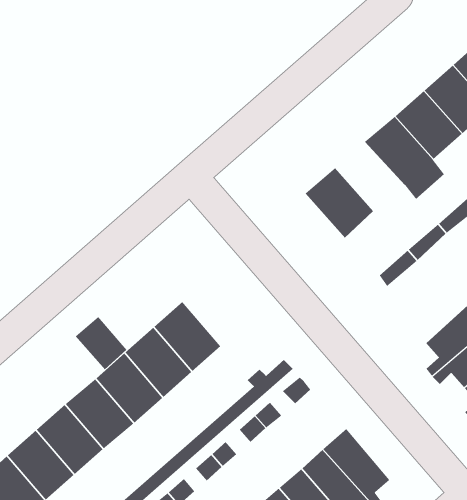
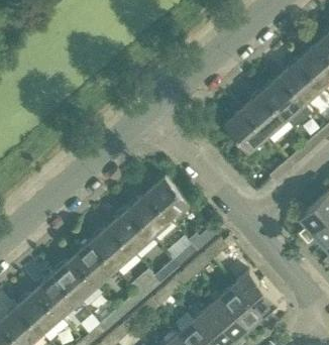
building: none -> [242,93,286,136]
building: none -> [146,178,189,221]
building: [75,316,127,370] -> none

